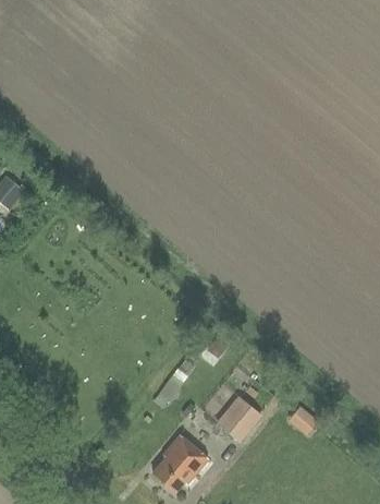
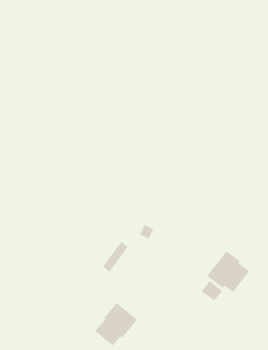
building: none -> [207,250,250,293]
building: [213,395,260,442] -> none

